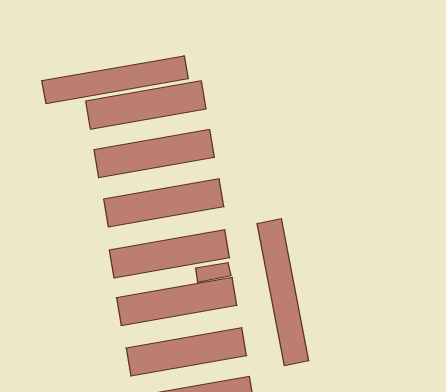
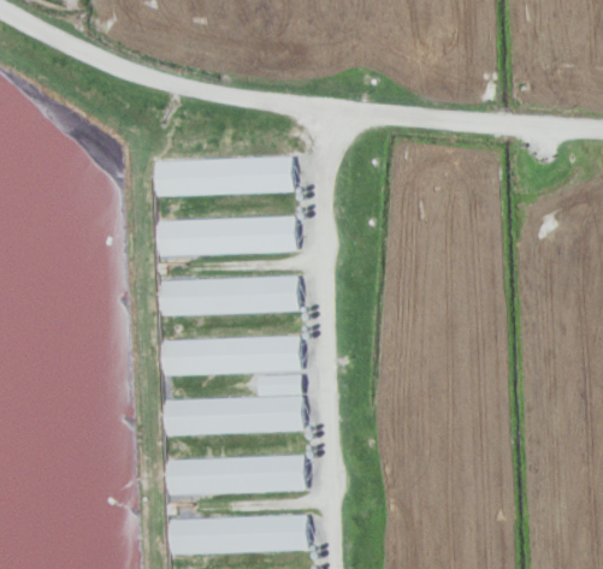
building: [42,56,188,104] -> none
building: [257,219,309,366] -> none

